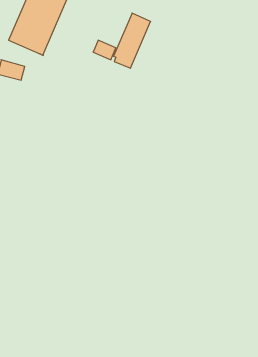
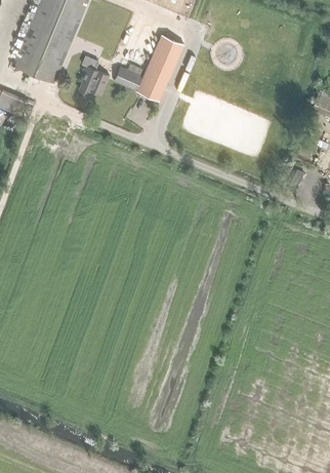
building: none -> [79,56,109,94]

